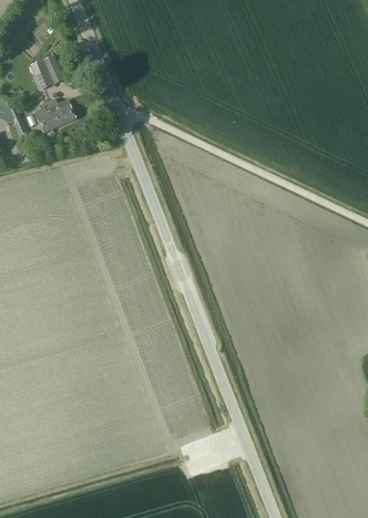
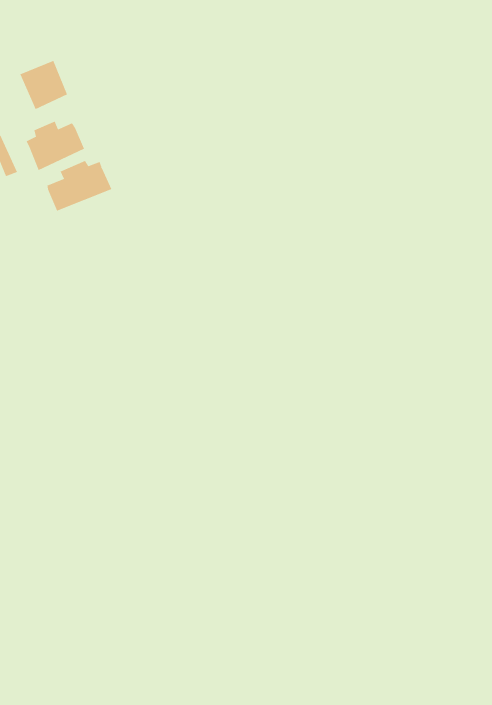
building: none -> [47,160,112,212]

